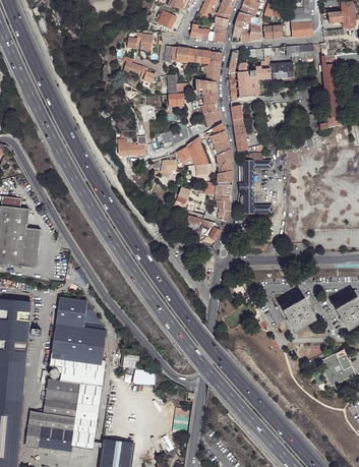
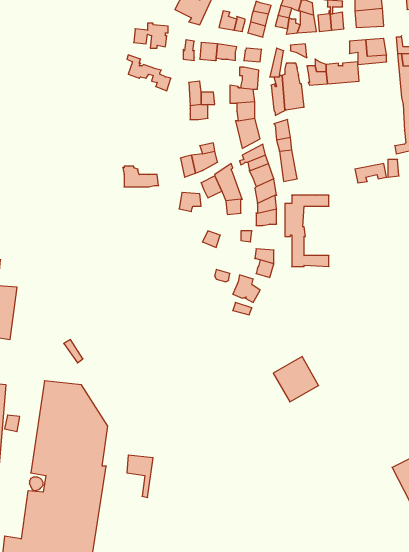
building: [283,297,316,331] -> [273,357,319,402]

